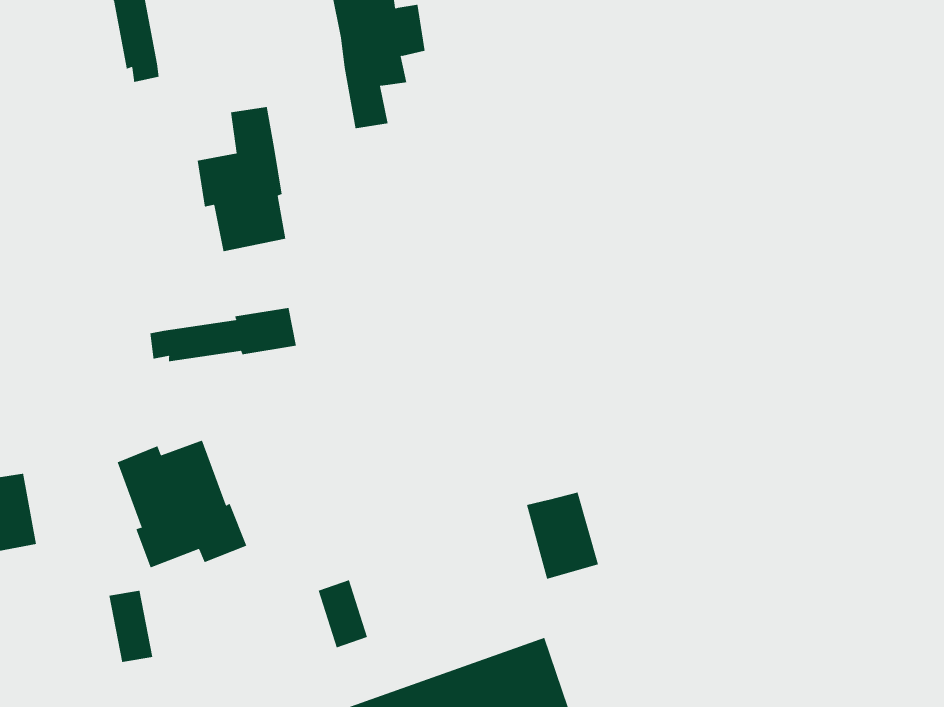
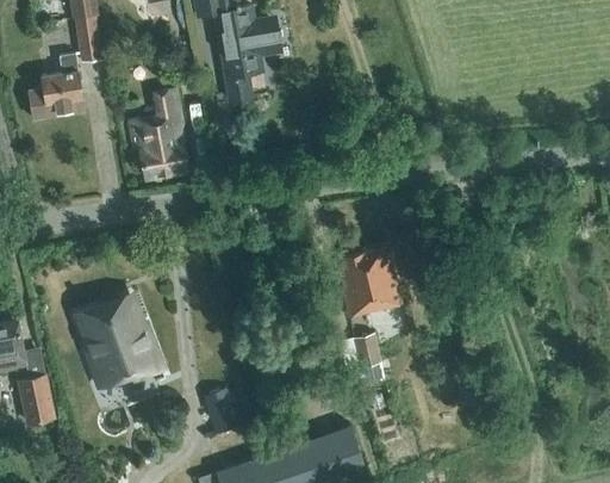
building: none -> [29,55,85,119]
building: [150,307,297,362] -> none
building: none -> [335,248,402,317]
building: [109,590,153,663] -> [23,377,51,423]

